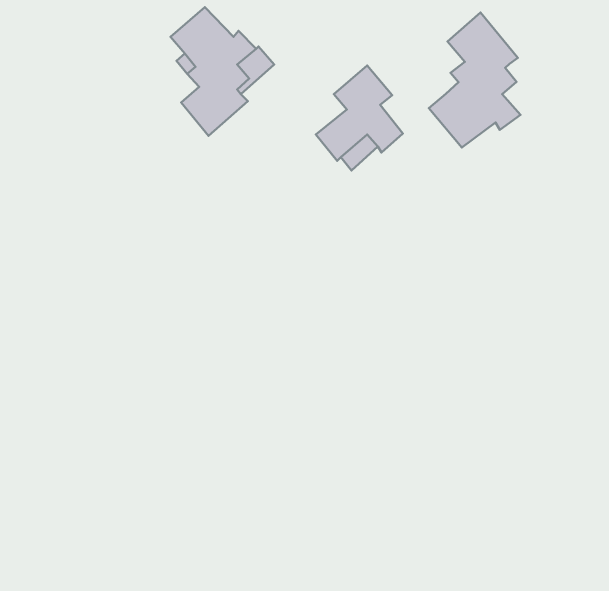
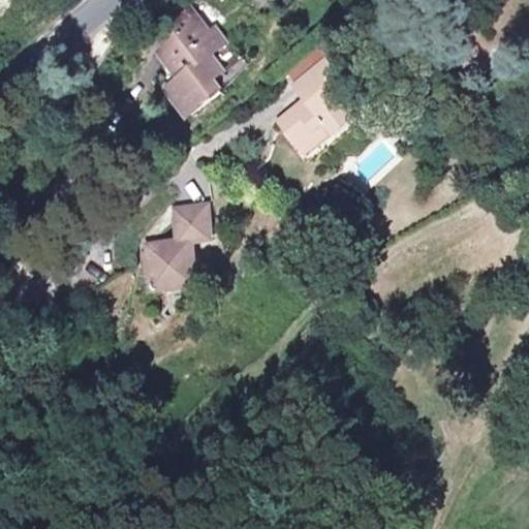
building: [429,12,521,147] -> none
building: none -> [146,206,212,292]

